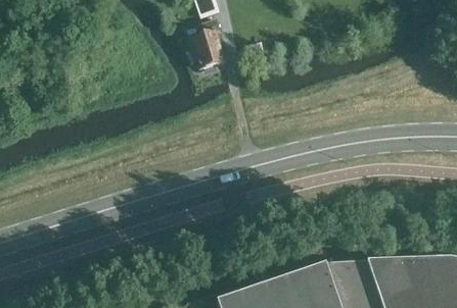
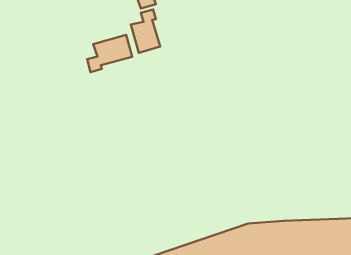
building: none -> [87,35,132,72]

